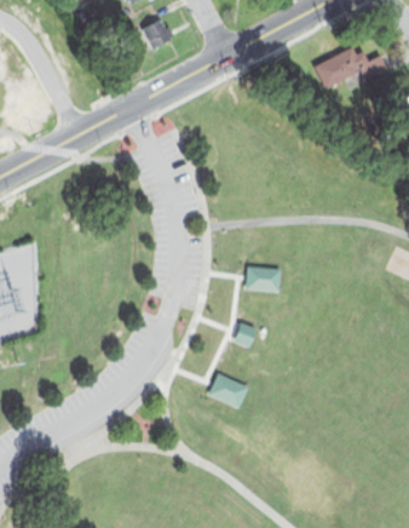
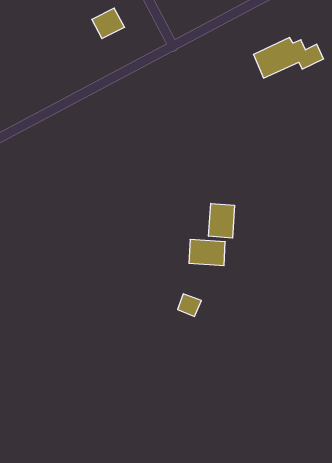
building: none -> [209,203,234,238]
building: [209,374,248,407] -> none

